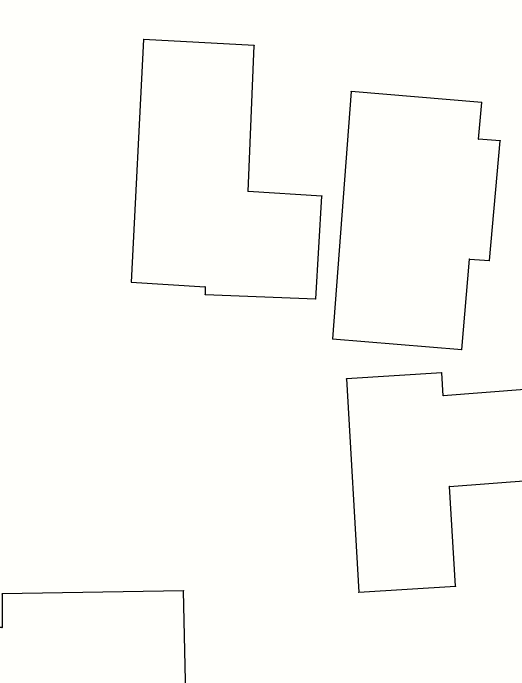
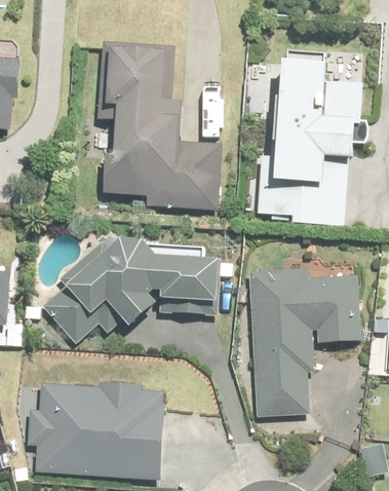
building: none -> [48,227,228,341]

